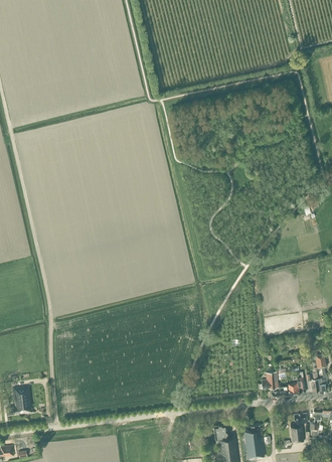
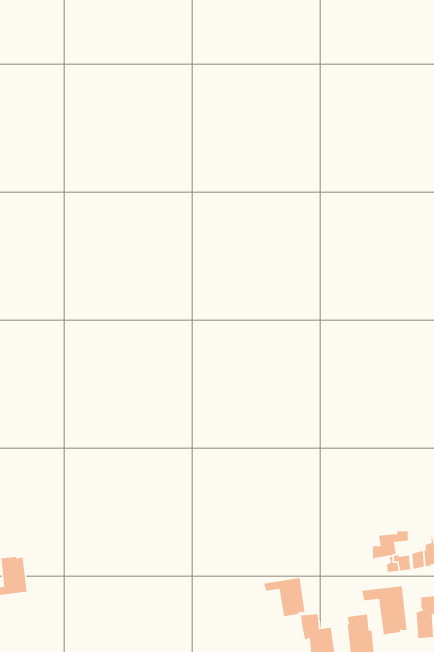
building: none -> [263,577,305,617]
building: none -> [361,585,408,635]

